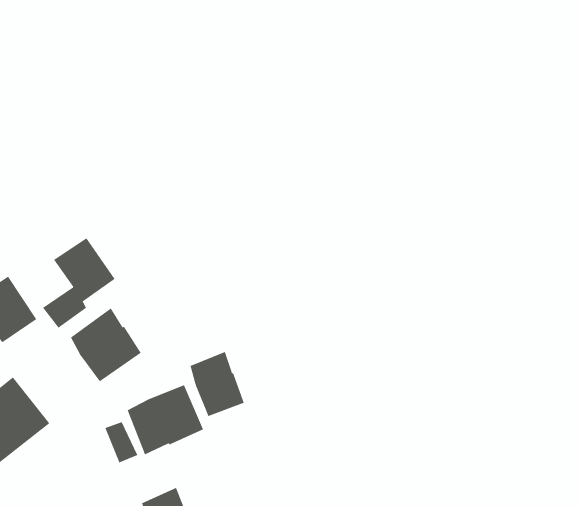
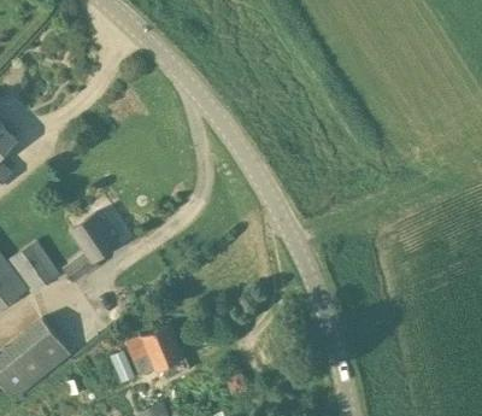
building: [70,308,142,382] -> none
building: [190,351,244,417] -> none

